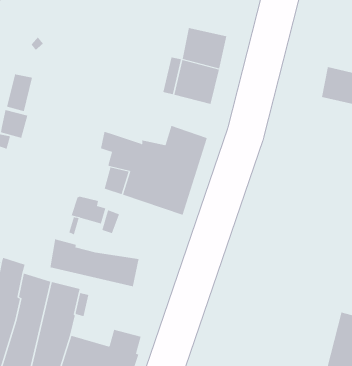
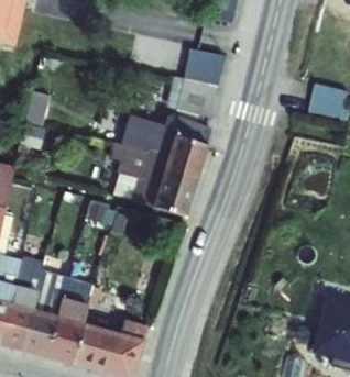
building: none -> [122,113,212,153]
building: [50,238,139,287] -> none

